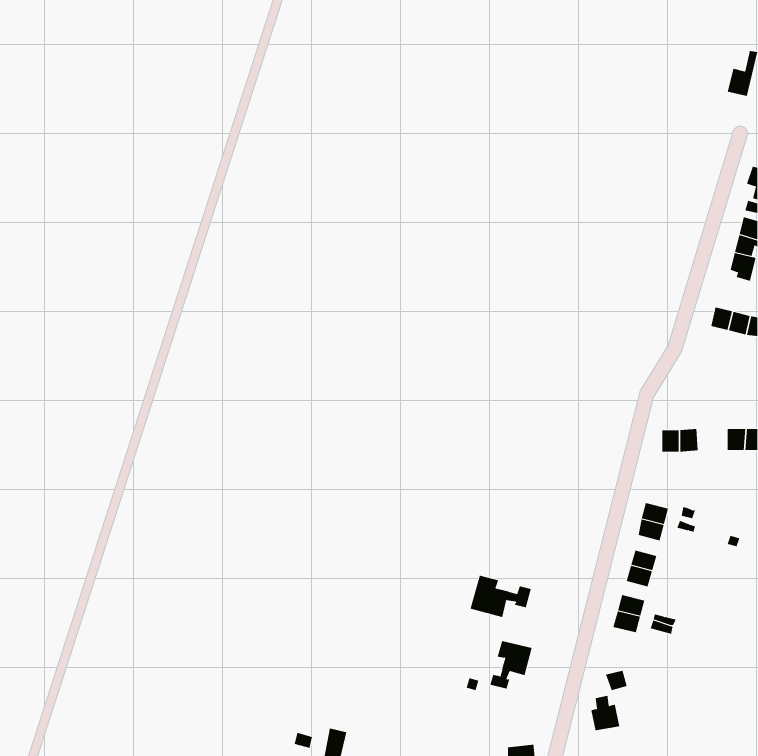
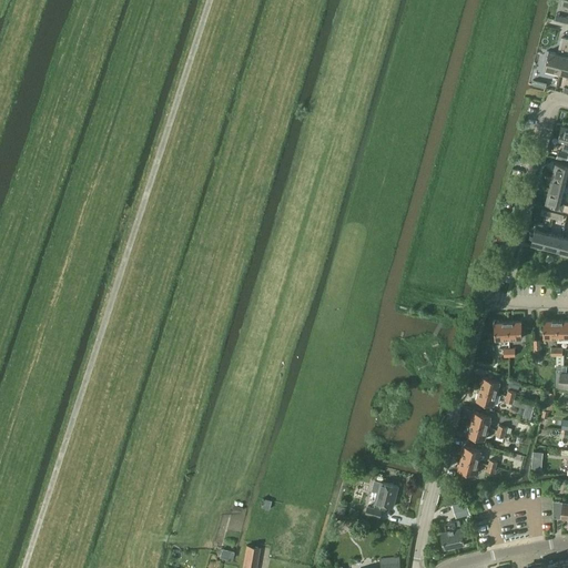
building: [470,575,532,618] -> none

